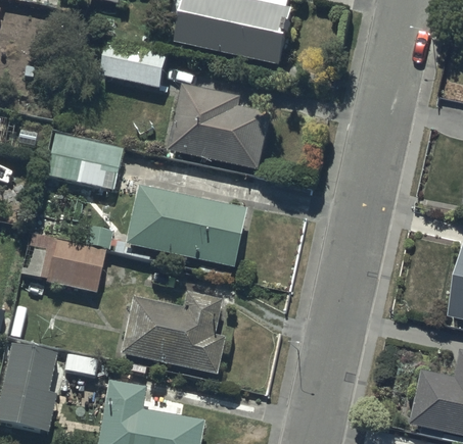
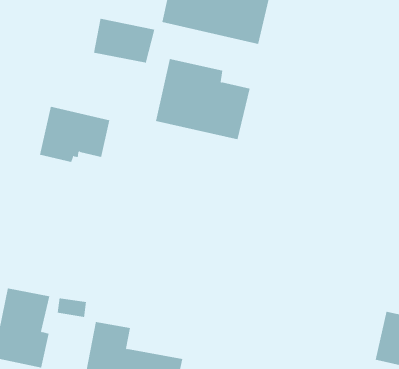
building: [124,181,243,261] -> none
building: [39,223,110,300] -> none
building: [118,288,223,371] -> none

